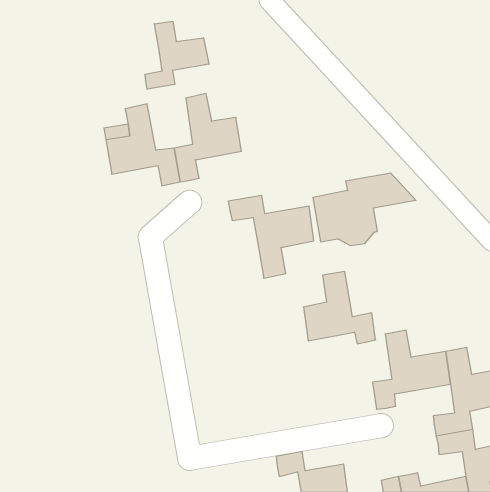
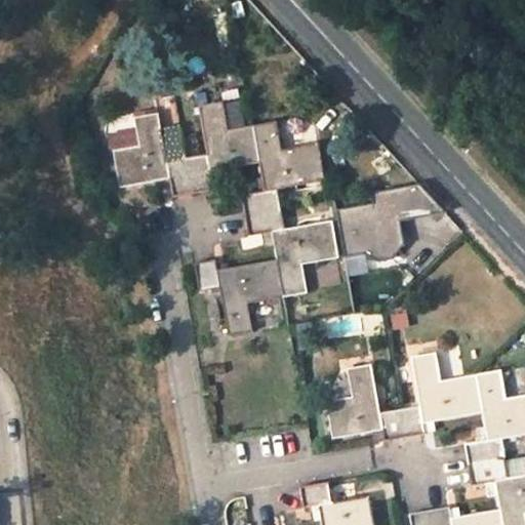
building: [145,21,209,89] -> none
building: none -> [241,120,323,214]
building: none -> [195,258,283,334]
building: [303,271,376,344] -> [326,363,403,440]

